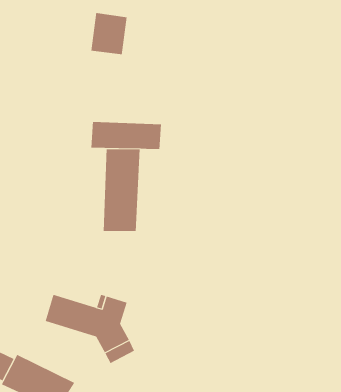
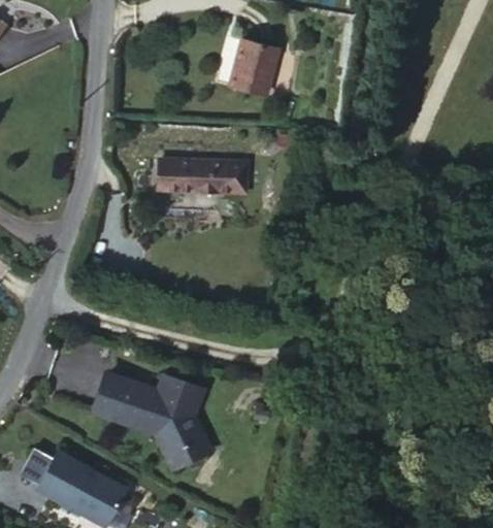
building: [91,12,127,55] -> [234,38,281,92]
building: [103,149,140,232] -> none

